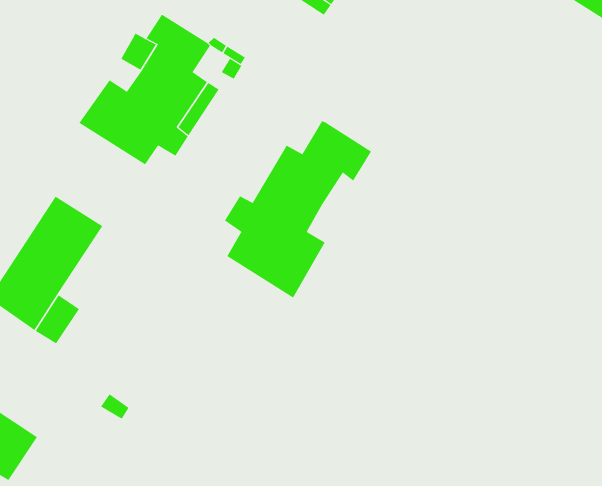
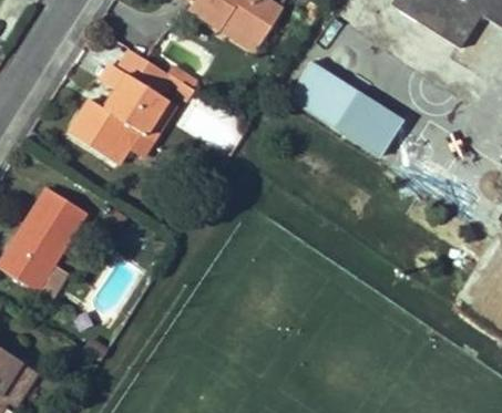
building: none -> [284,53,407,155]
building: [224,120,372,298] -> none

